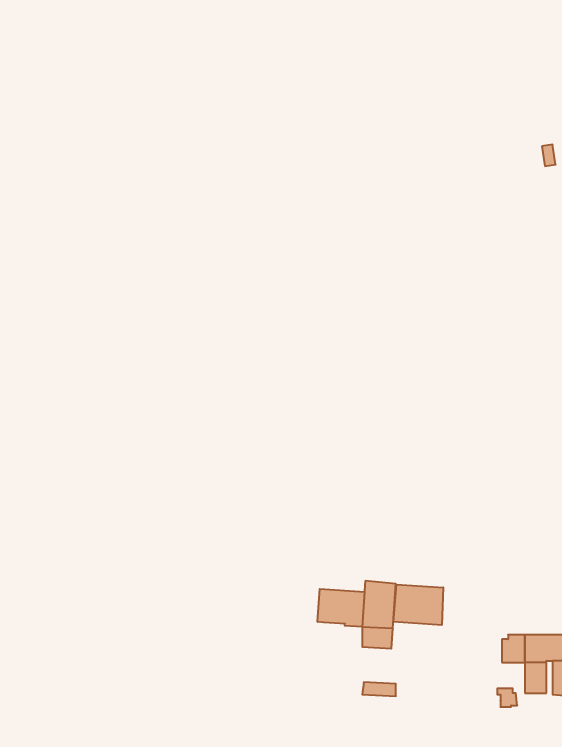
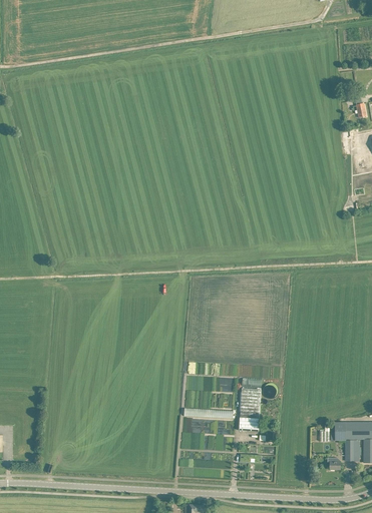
building: [393,584,443,625] -> none
building: [318,589,365,627] -> none

